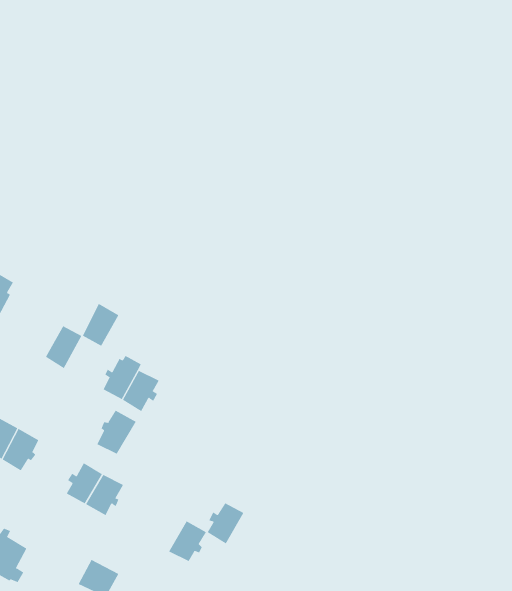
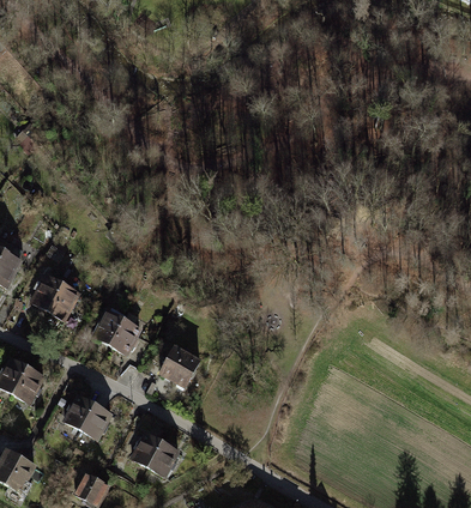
building: [82,303,119,346] -> [32,274,62,309]
building: none -> [161,345,199,386]
building: [97,410,136,455] -> none
building: [207,503,244,544] -> [132,433,162,466]

